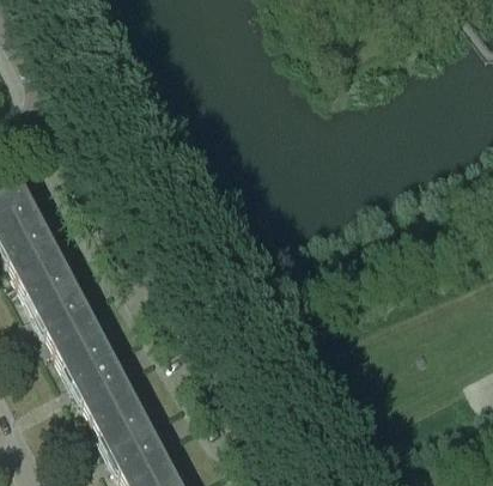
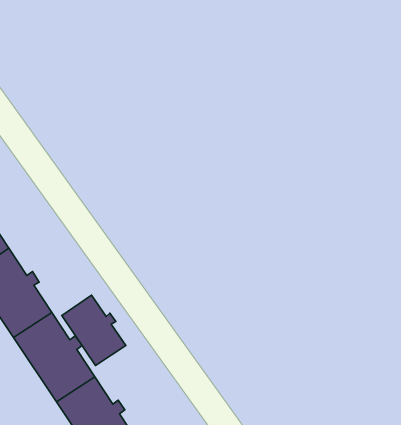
building: none -> [62,295,126,365]

